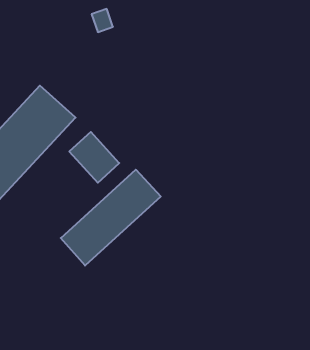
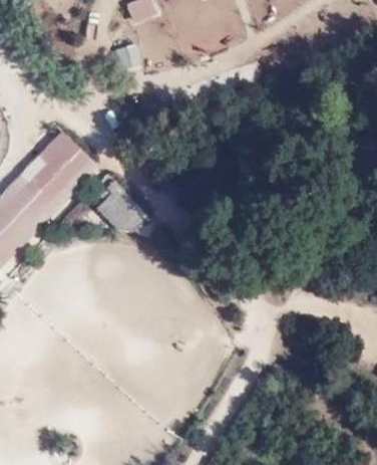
building: [61,170,161,266] -> none

